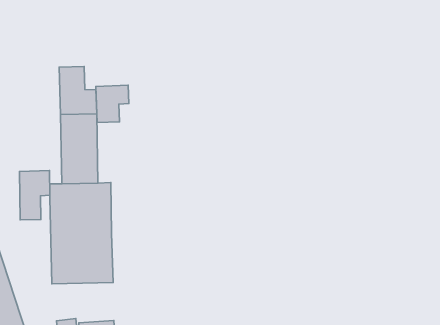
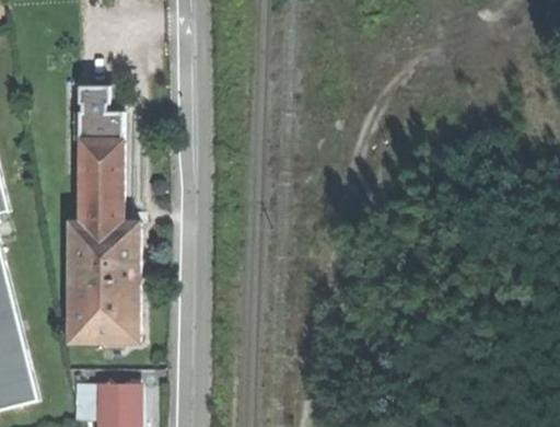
building: [96,85,129,123] -> none
building: [19,171,50,220] -> none

